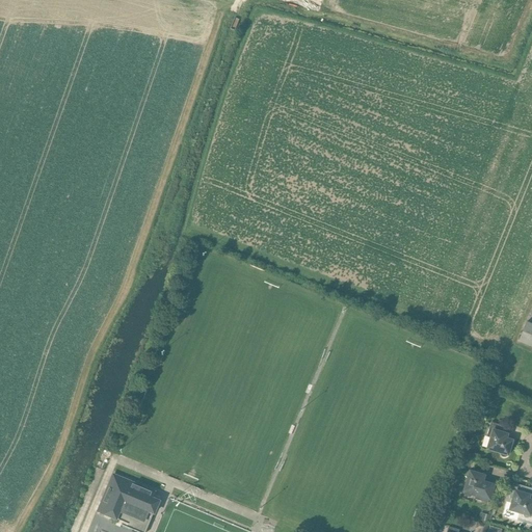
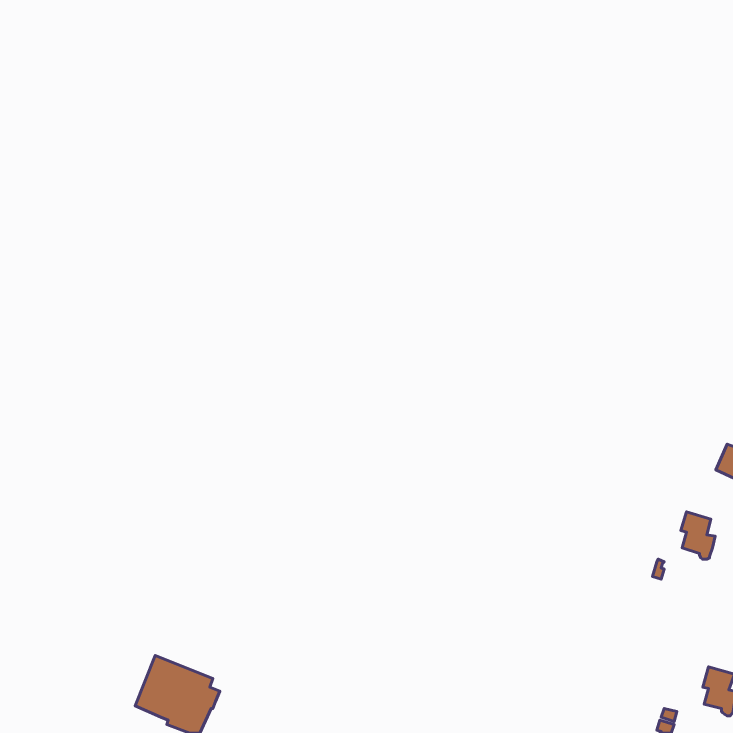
building: [487,422,512,456] -> [681,512,715,559]
building: [464,471,494,503] -> none

